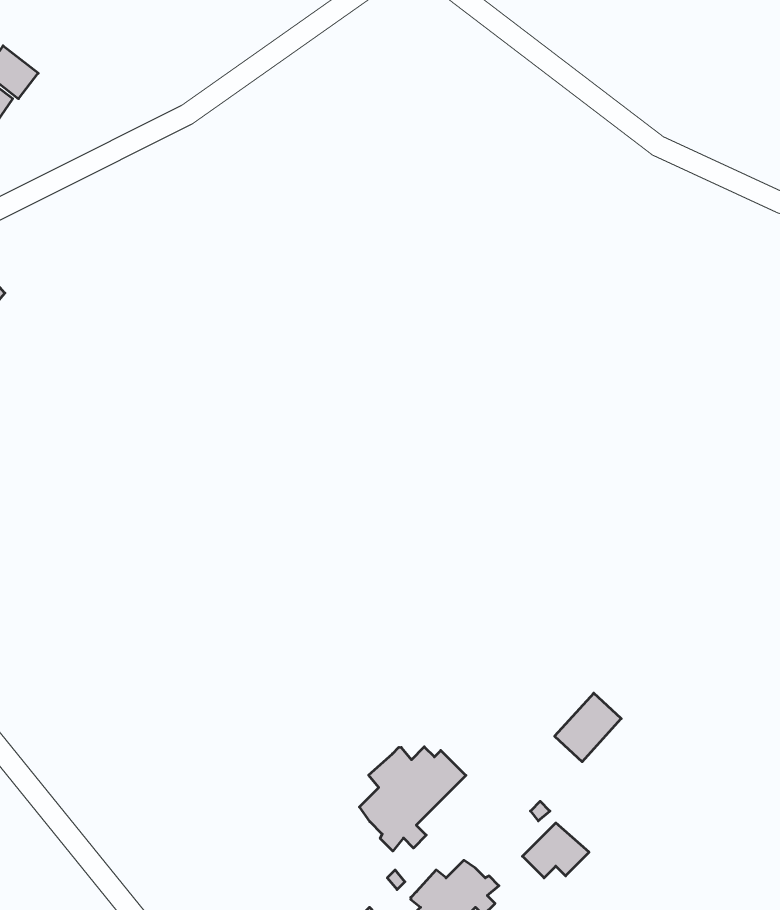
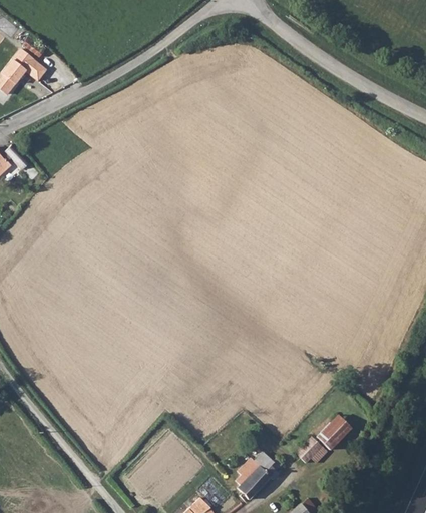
building: [555,693,621,762] -> [315,413,349,448]
building: [359,747,466,851] -> none

